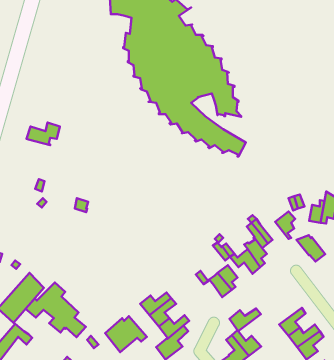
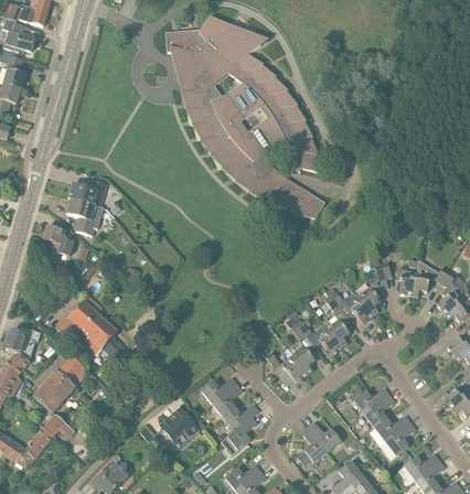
building: none -> [67,198,97,235]
building: none -> [43,225,73,255]
building: [297,235,325,262] -> [341,292,374,323]
building: [25,282,86,337] -> [55,296,126,359]
building: [230,308,261,331] -> [353,388,389,415]

